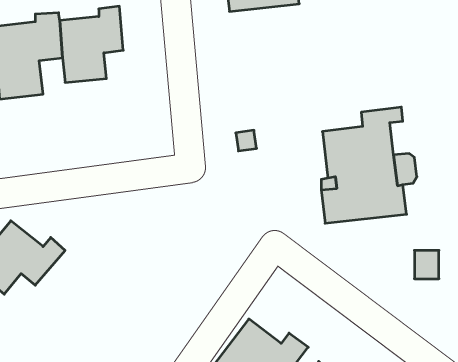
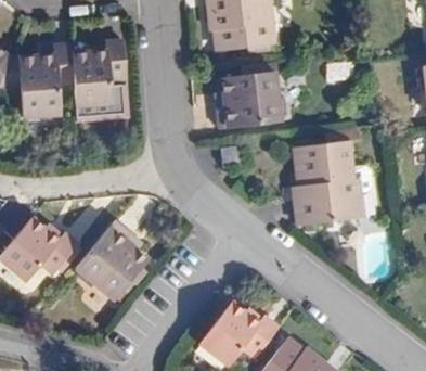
building: none -> [216,73,280,126]
building: none -> [73,229,145,308]

